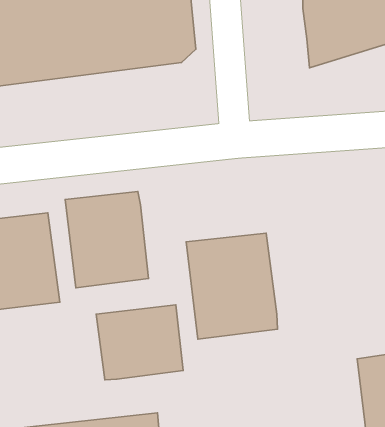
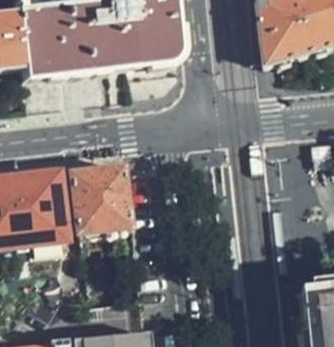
building: [186,233,277,339] -> none
building: [96,305,183,380] -> none

